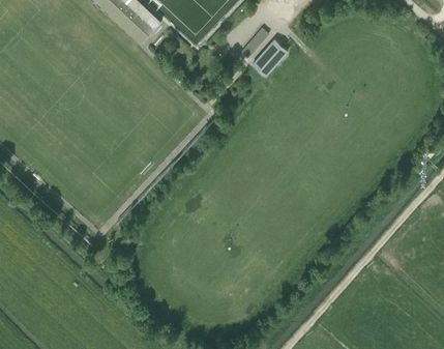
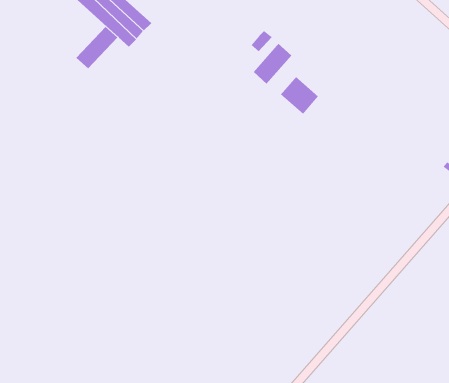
building: none -> [75,26,118,69]
building: none -> [280,76,319,115]

